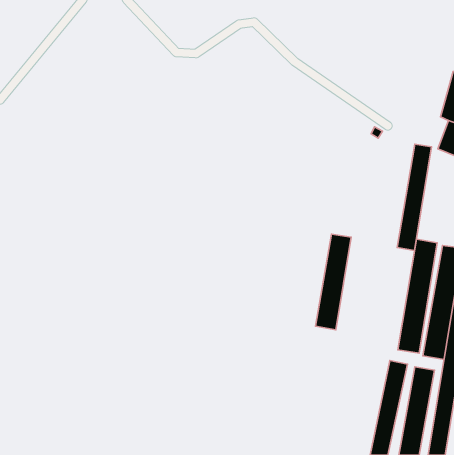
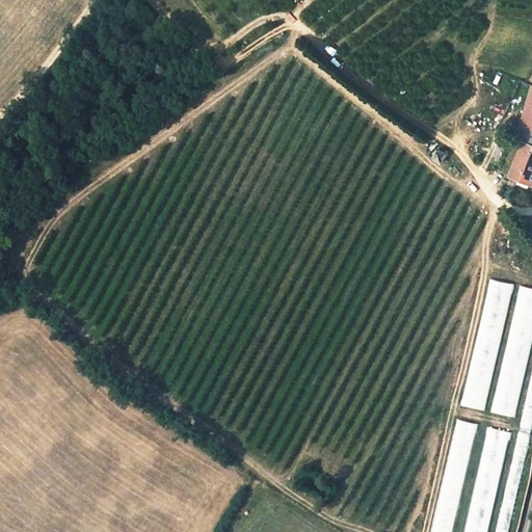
building: [397,144,432,250] -> none
building: [315,234,351,330] -> none

